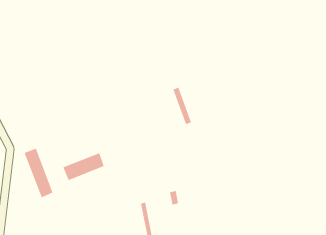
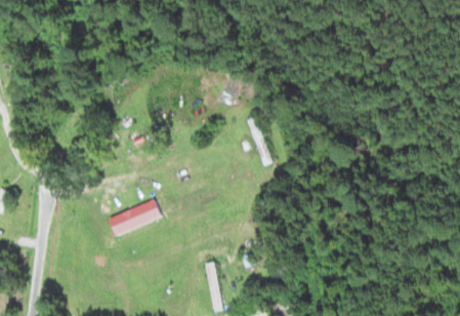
building: [24,148,53,198] -> none

